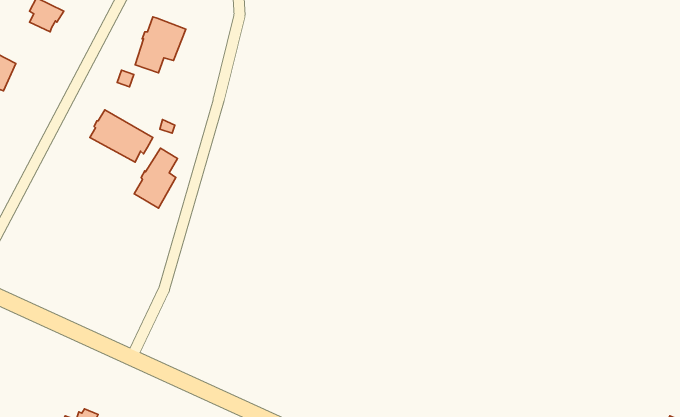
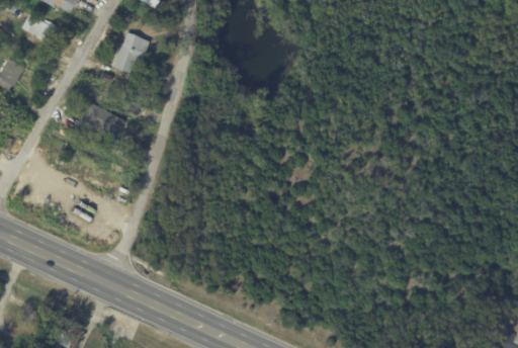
building: [134,148,178,208] -> none

